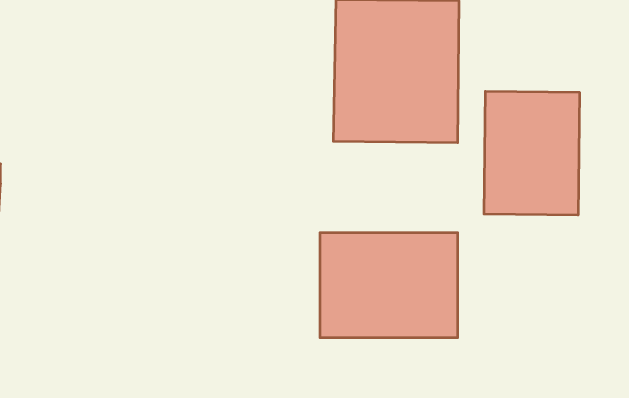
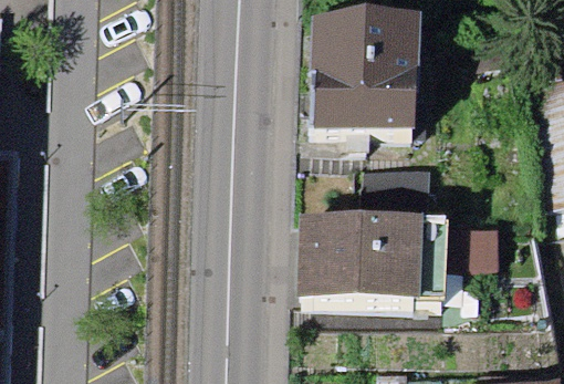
building: [484,91,579,215] -> none

